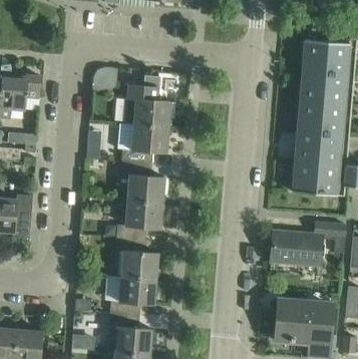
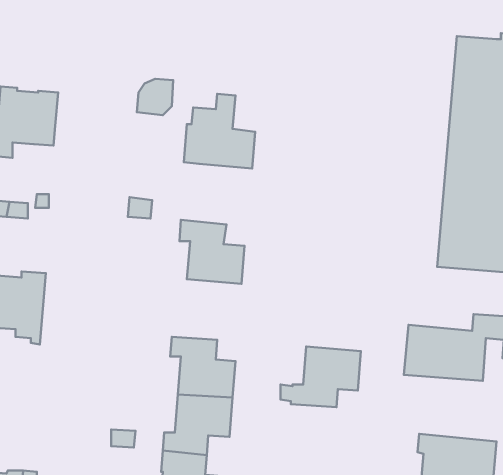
building: [121,123,168,163] -> none
building: [108,200,161,240] -> [280,347,361,407]

